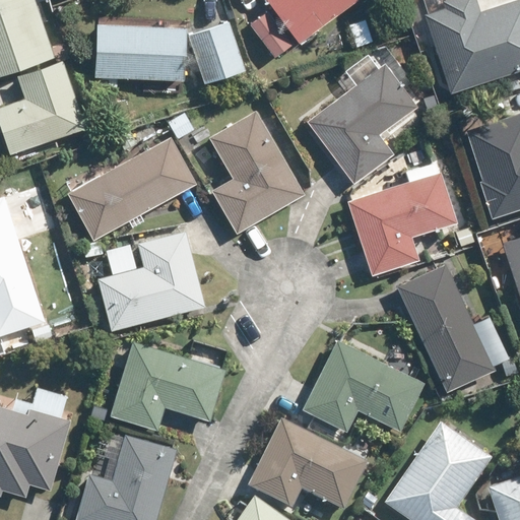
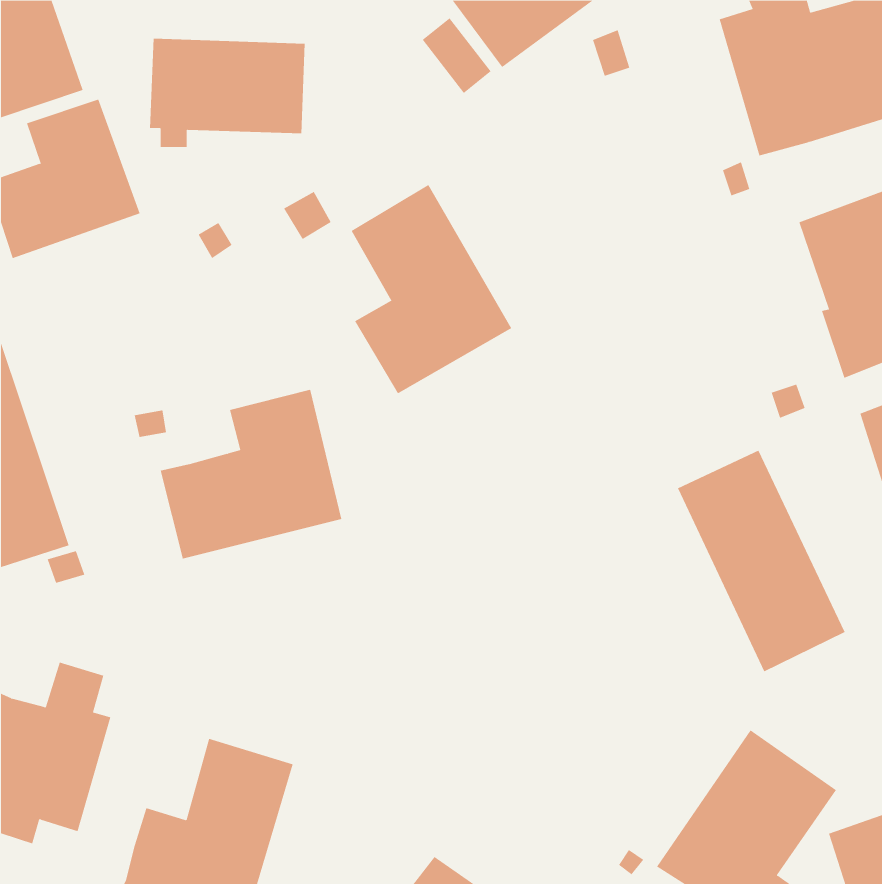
building: [187,20,244,82] -> none
building: [307,61,415,182] -> none
building: [66,136,194,240] -> none
building: [346,171,454,274] -> none
building: [110,341,223,430] -> none
building: [305,343,426,434] -> none
building: [251,425,370,515] -> none

